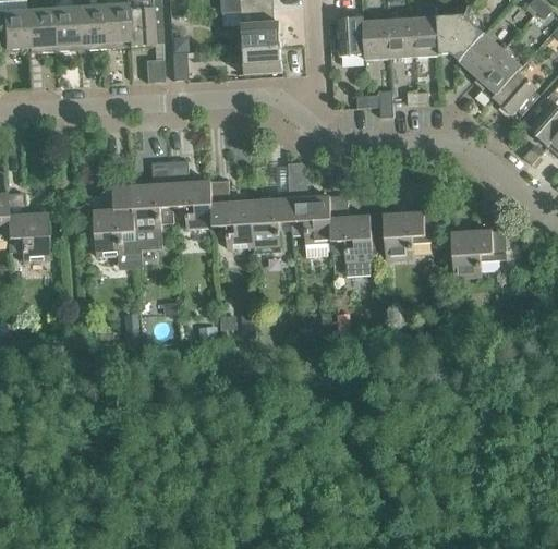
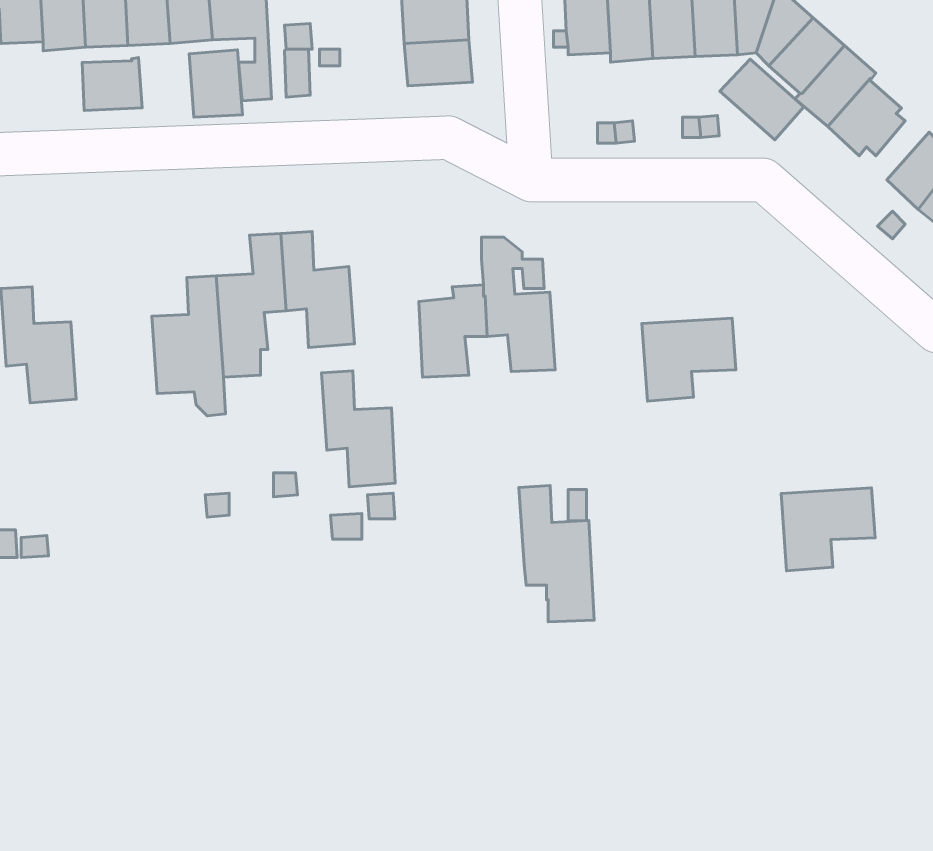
building: none -> [189,50,242,117]
building: none -> [82,58,142,111]
building: none -> [720,59,804,140]
building: [209,179,253,247] -> [321,371,395,487]
building: [328,194,373,274] -> [519,486,594,622]
building: [450,229,506,278] -> [781,488,875,571]

